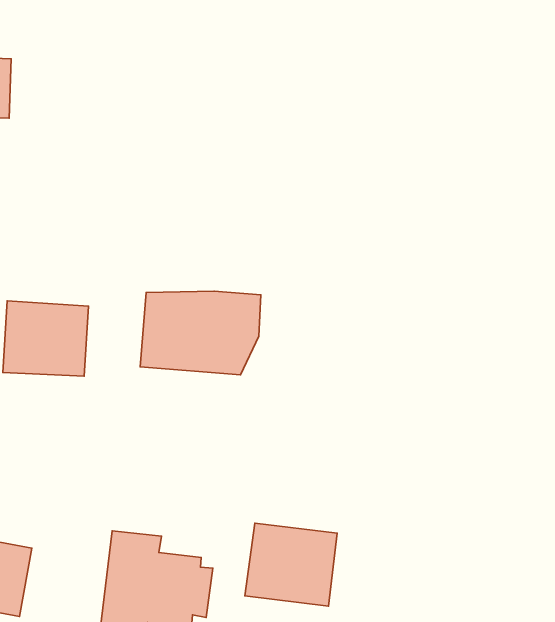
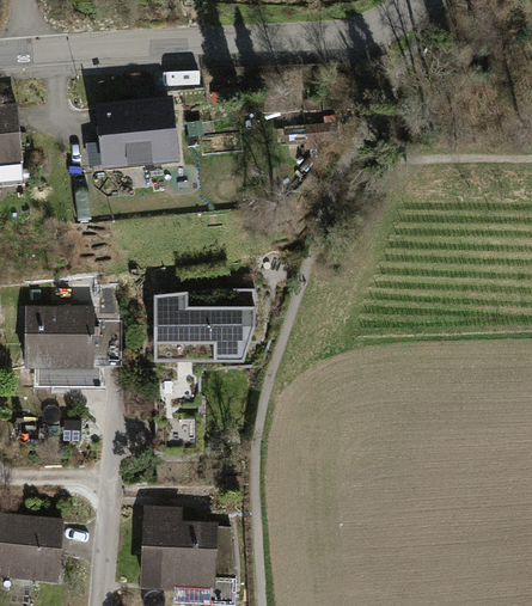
building: none -> [94,99,172,169]
building: [245,523,337,606] -> none

